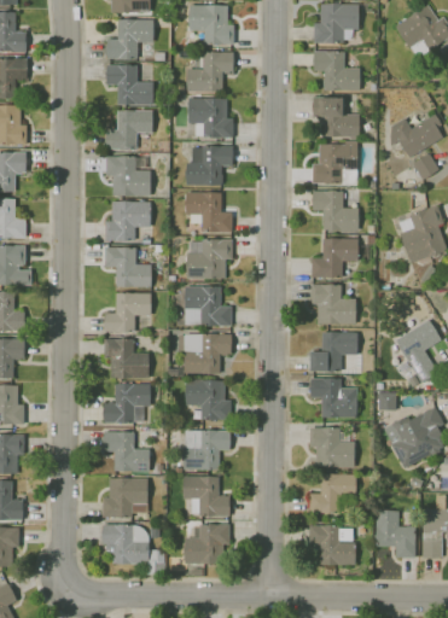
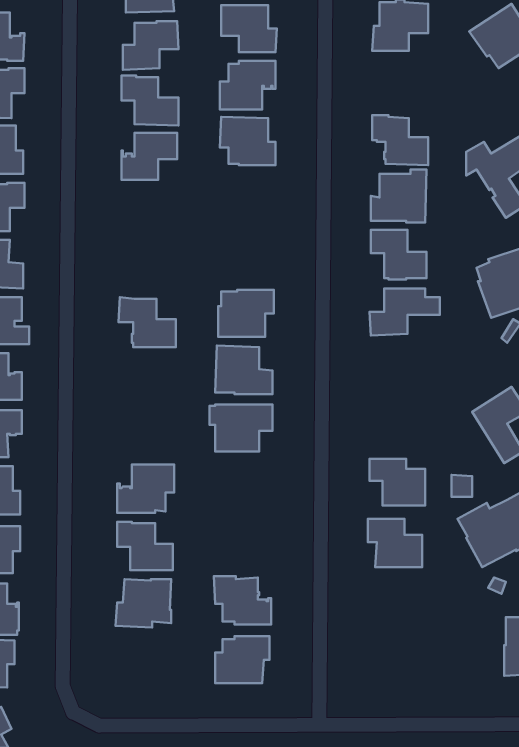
building: [314,51,361,91] -> none
building: [186,146,233,186] -> none
building: [106,156,151,197] -> none
building: [186,192,233,232] -> none
building: [105,202,151,240] -> none
building: [312,285,356,323] -> none
building: [105,293,152,333] -> none
building: [312,330,359,372] -> none
building: [105,339,150,379] -> none
building: [187,380,232,420] -> none
building: [185,430,231,471] -> none
building: [309,473,356,513] -> none
building: [377,511,417,558] -> none
building: [103,525,165,575] -> none
building: [309,526,356,565] -> none

